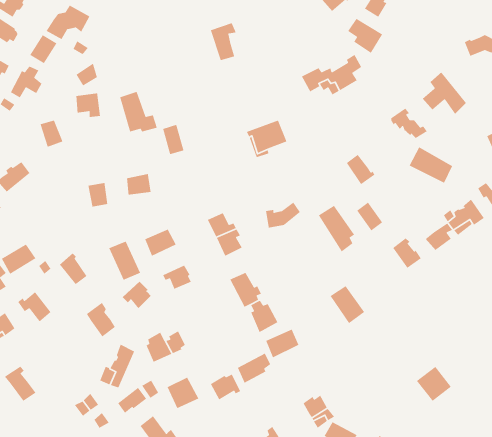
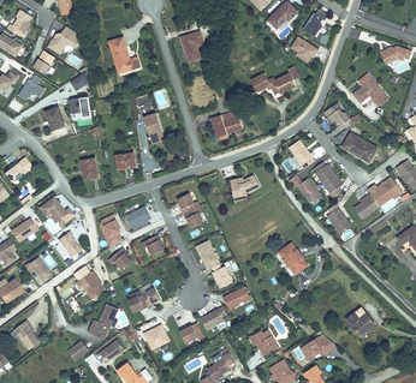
building: [119,91,158,133] -> [105,42,136,76]
building: [318,205,355,253] -> [313,160,343,198]
building: none -> [38,195,76,225]
building: none -> [299,333,334,360]

